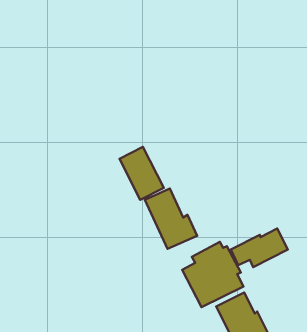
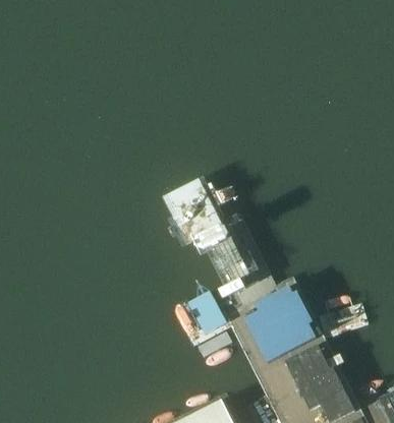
building: [231,229,288,267] -> none

